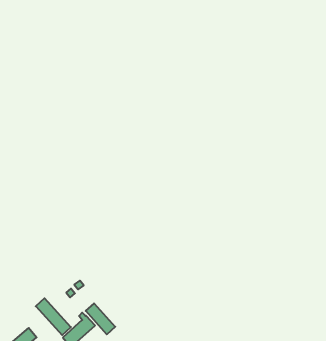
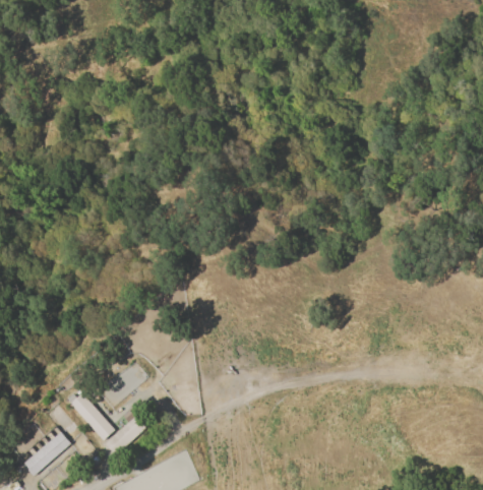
building: [86,303,115,334] -> none

